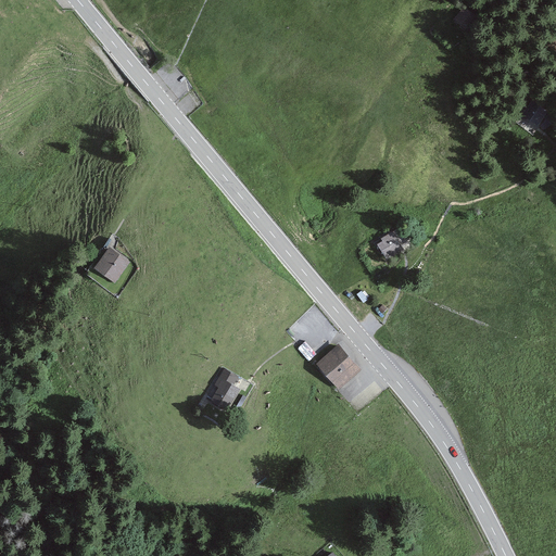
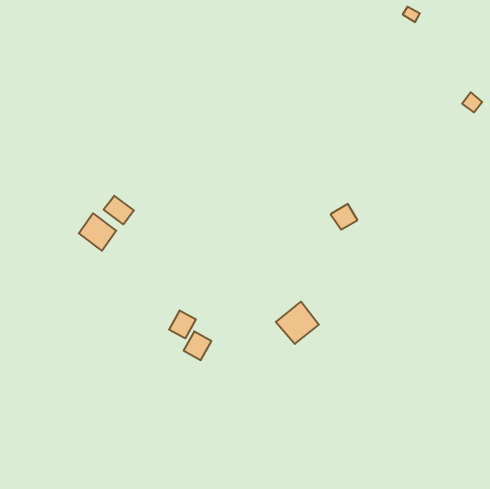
building: none -> [104,196,134,224]
building: none -> [169,310,196,338]

